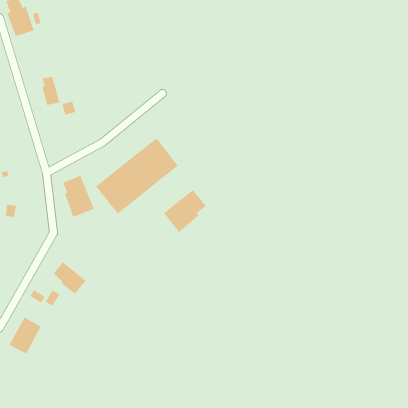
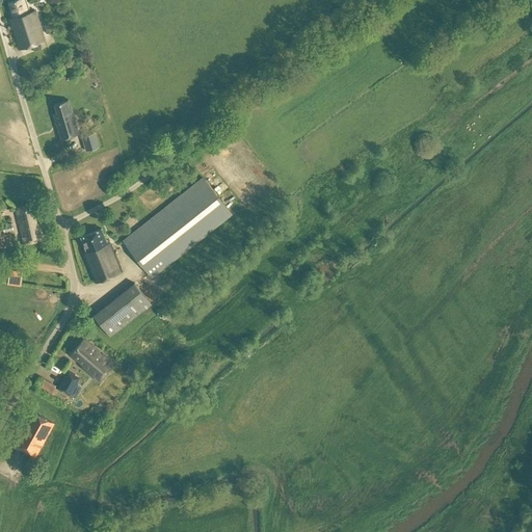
building: none -> [15,205,44,245]
building: [163,189,206,233] -> none
building: none -> [92,281,151,336]

